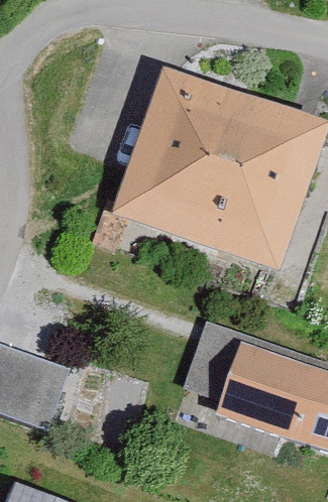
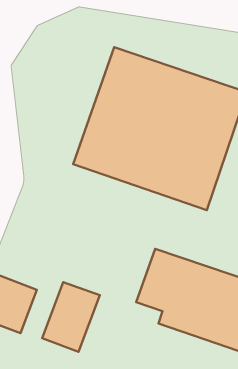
building: none -> [42,282,100,352]

